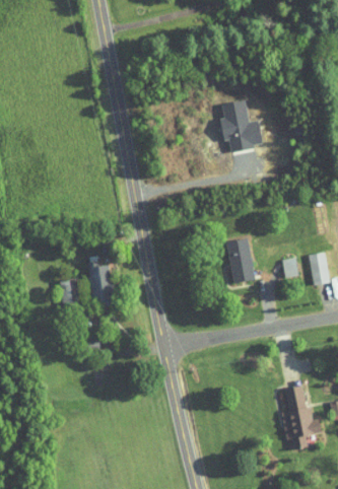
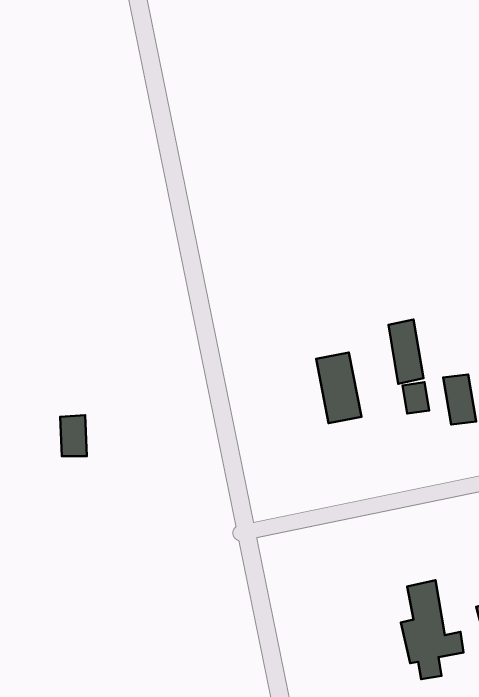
building: [221,100,263,152] -> none
building: none -> [388,319,423,384]
building: [87,260,115,303] -> none

